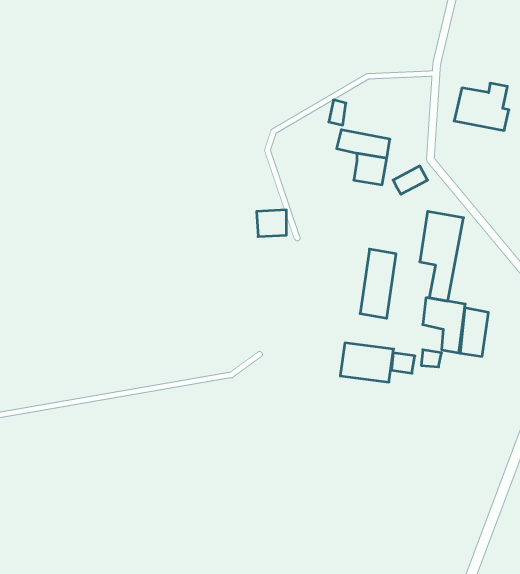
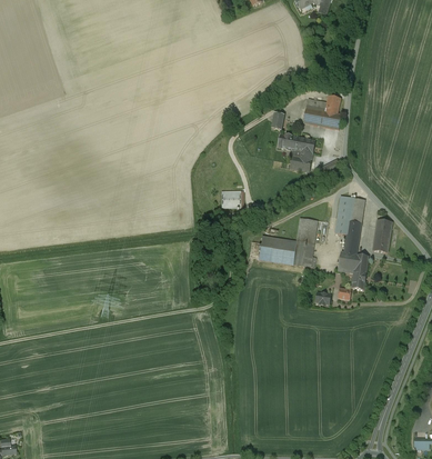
building: [454,83,509,130] -> [302,96,341,129]
building: [460,308,488,356] -> [372,218,392,252]
building: [340,343,394,382] -> [258,237,295,265]

